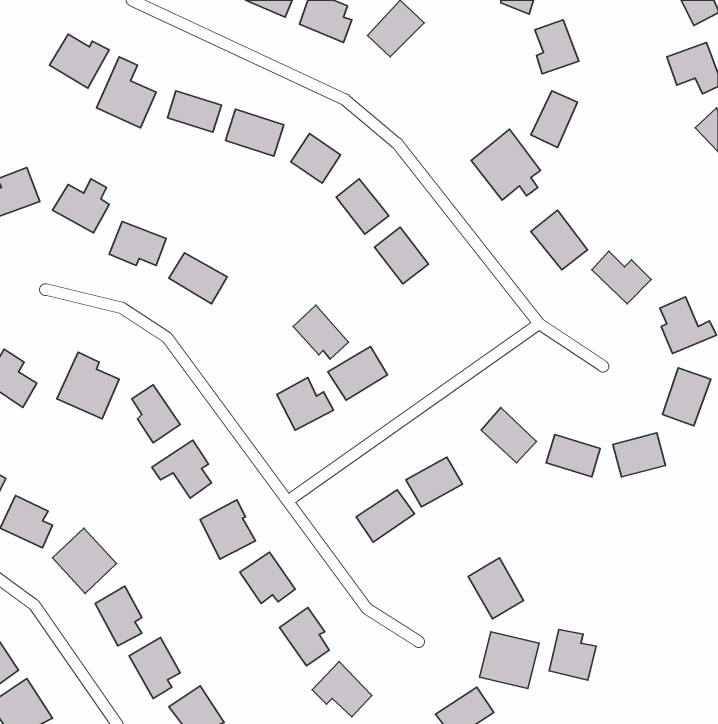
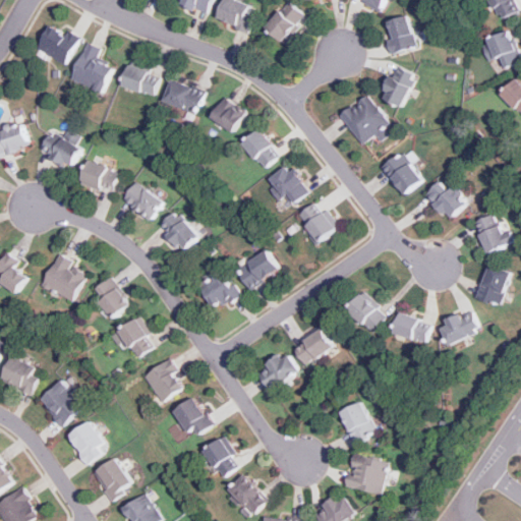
building: none -> [296,206,338,243]
building: [293,305,349,359] -> [158,211,197,249]
building: [549,629,596,680] -> none

